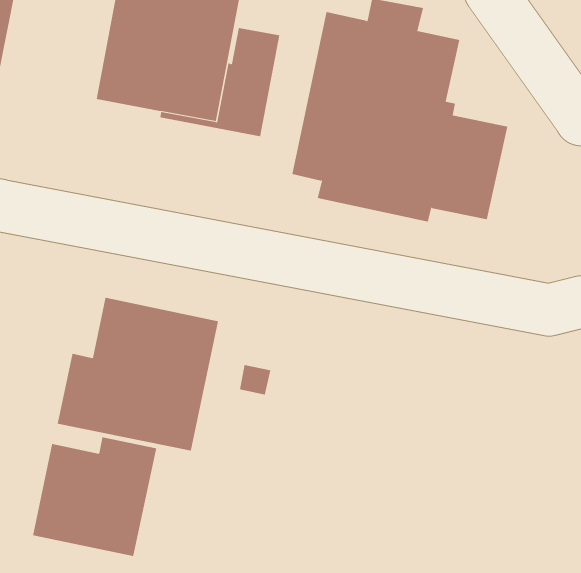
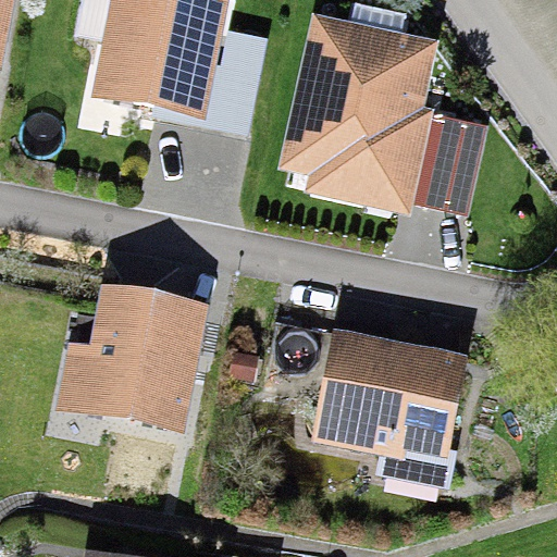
building: none -> [310,330,468,486]
building: [32,436,157,557] -> none

